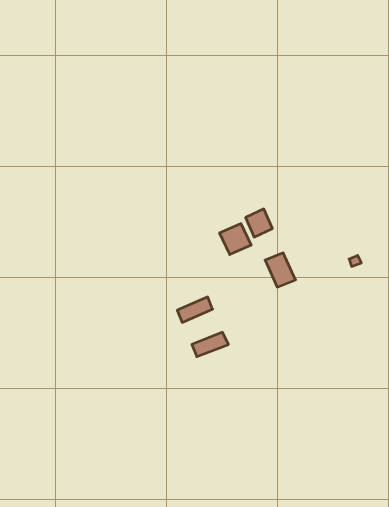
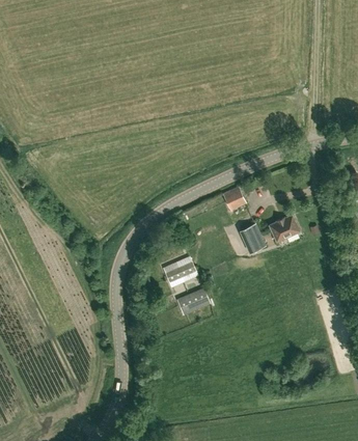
building: [220,224,251,255] -> none
building: none -> [270,216,299,241]

